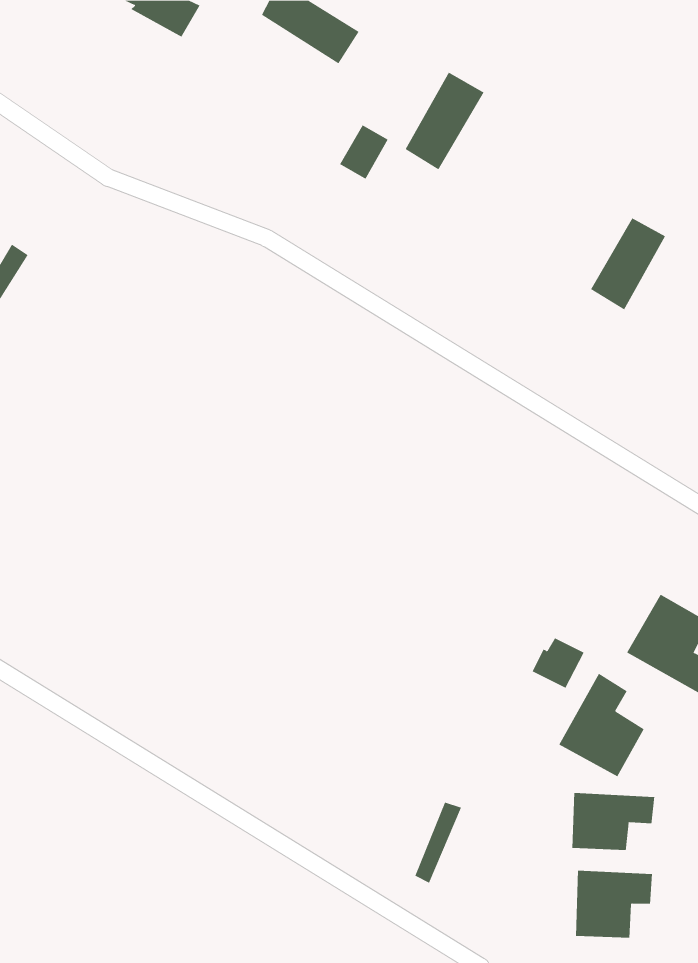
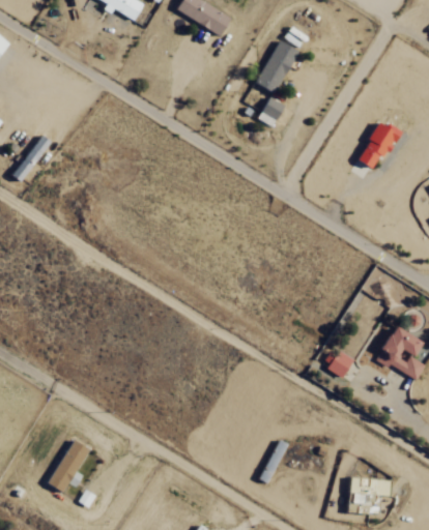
building: [339,124,389,179] -> [258,96,285,126]
building: [558,673,644,777] -> none
building: [572,792,655,851] -> none
building: none -> [48,439,89,492]

